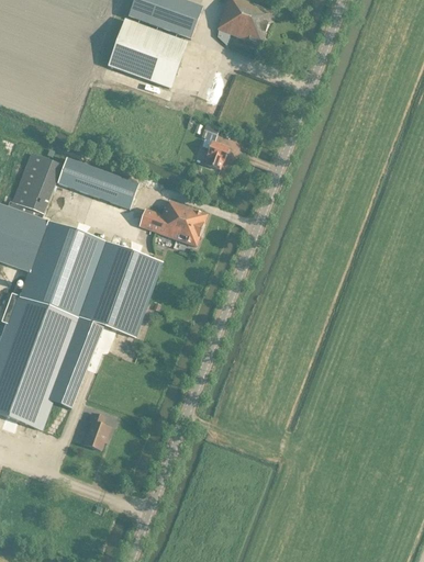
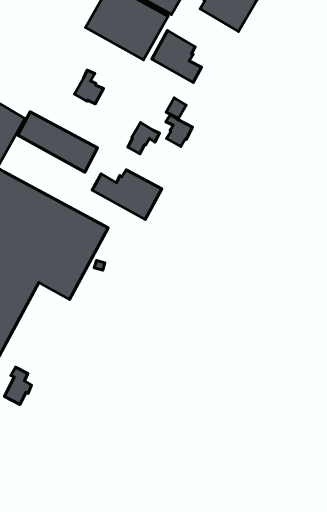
building: none -> [152,31,202,82]
building: none -> [74,70,103,104]
building: none -> [128,123,160,154]

